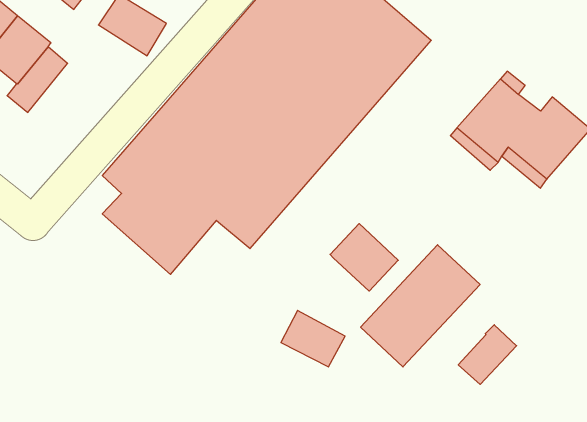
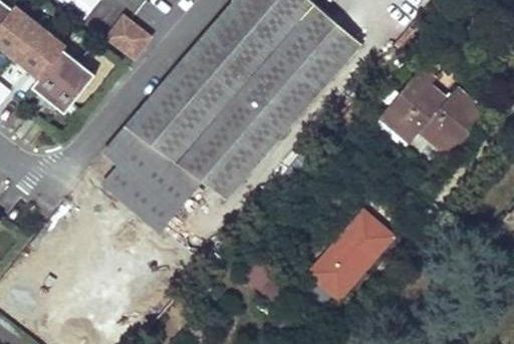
building: none -> [45,62,92,113]
building: [330,224,398,291] -> none
building: [458,325,517,384] -> none

